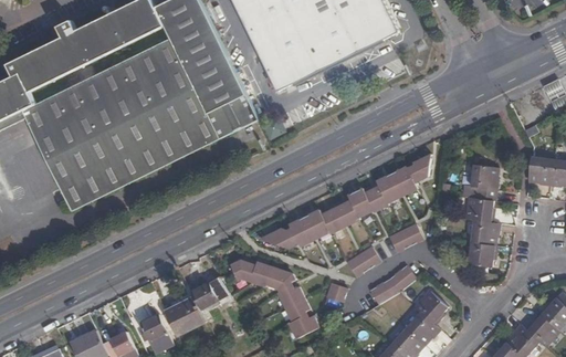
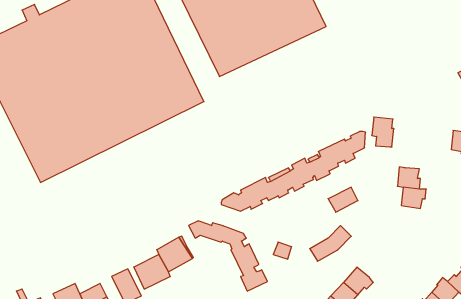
building: [473,166,499,200] -> [372,117,394,147]
building: [470,242,499,267] -> none
building: [350,244,380,272] -> none
building: [417,292,449,325] -> none

